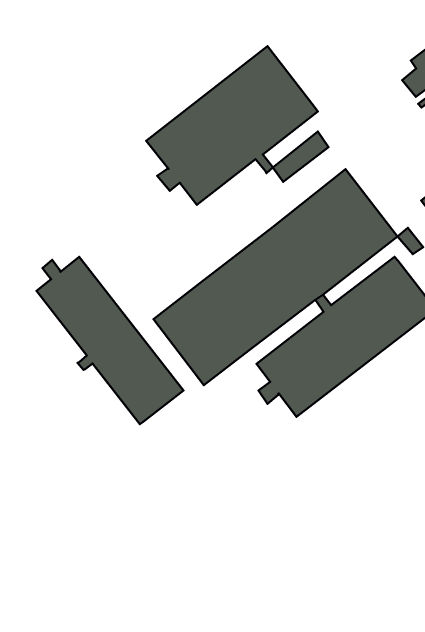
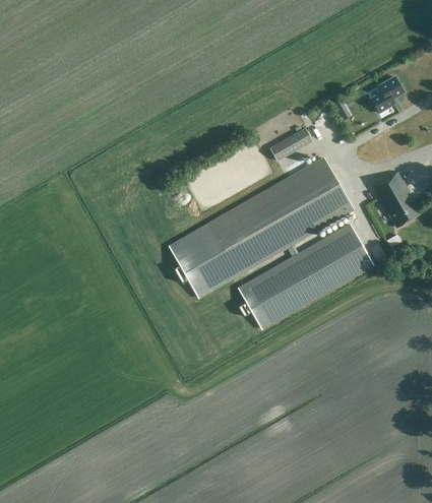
building: [146,46,318,205] -> none
building: [37,257,183,424] -> none

